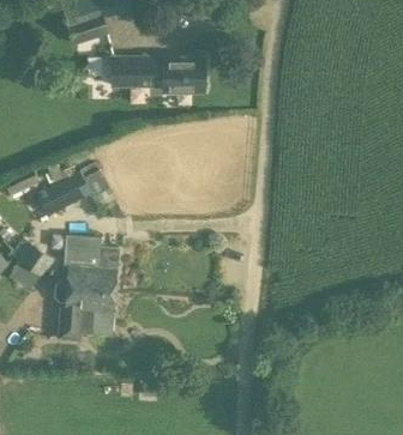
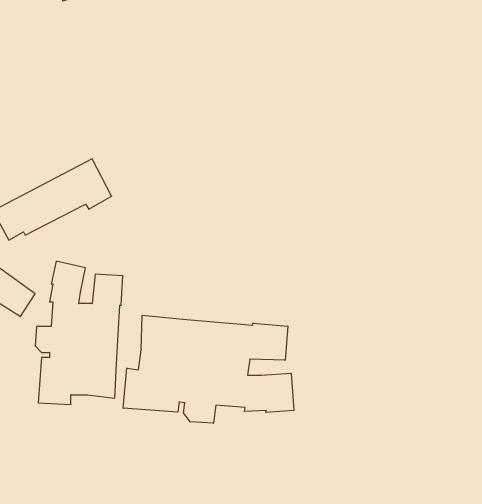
building: [112,56,204,90] -> none
building: none -> [123,315,294,423]

